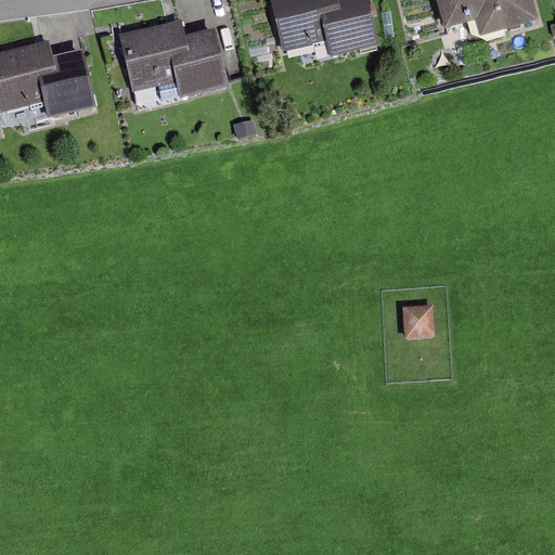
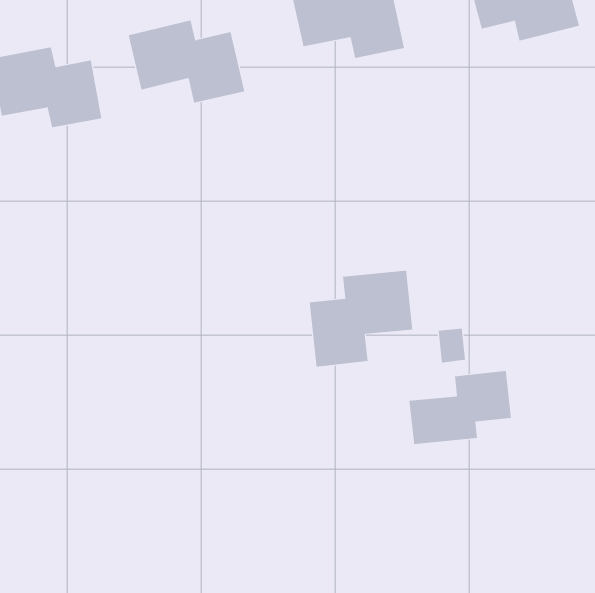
building: none -> [309,270,413,368]
building: none -> [409,370,511,445]

